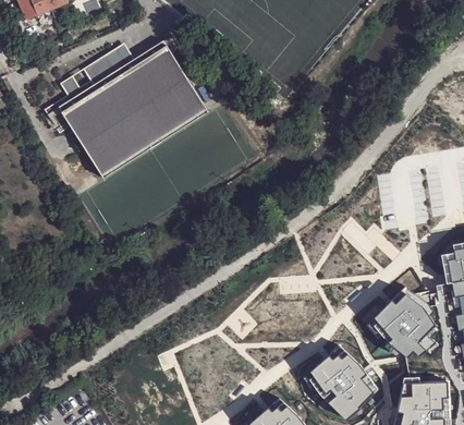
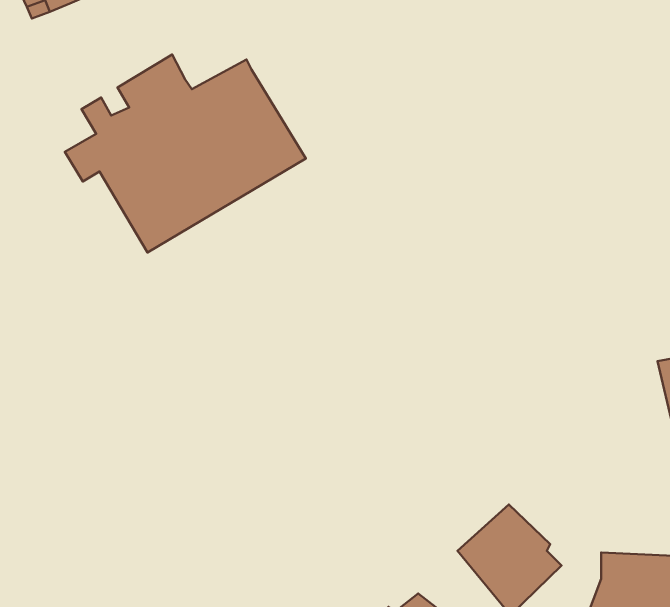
building: [125,38,179,71] -> none
building: [364,287,430,350] -> none

